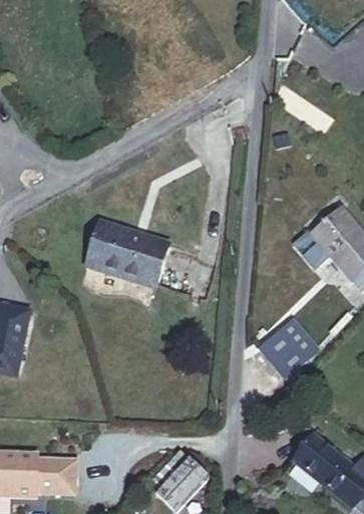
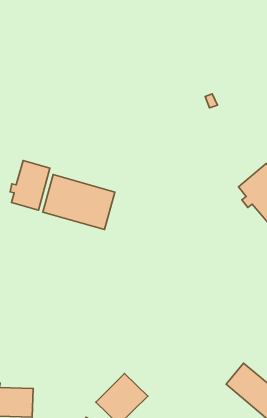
building: none -> [10,161,50,210]
building: [257,317,318,378] -> none

